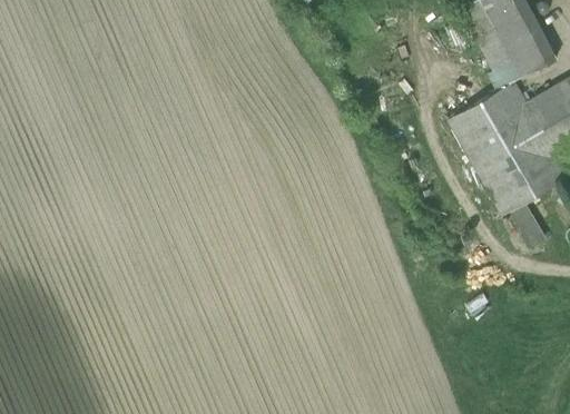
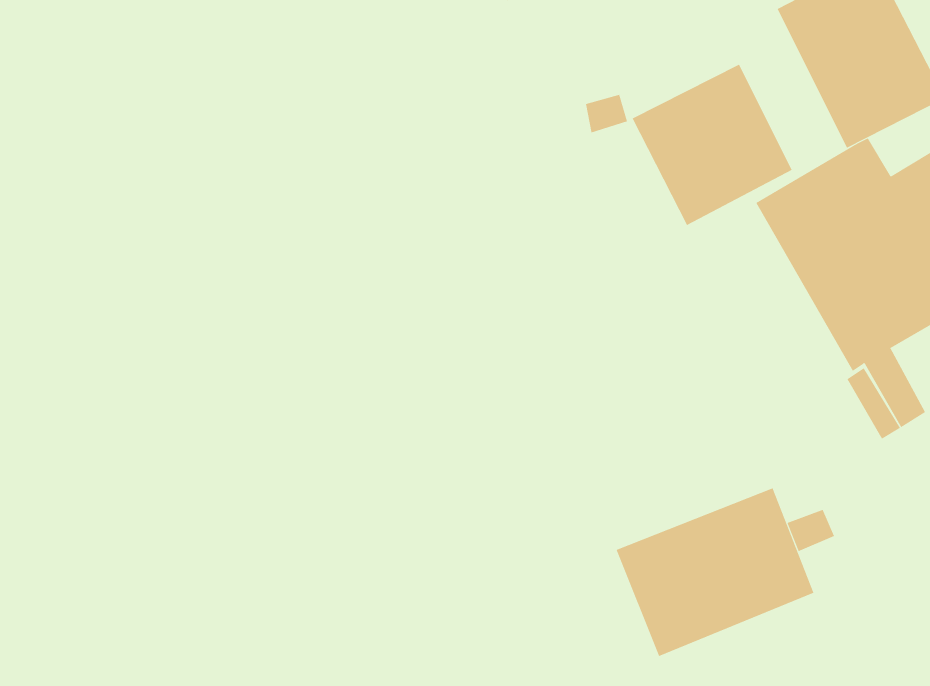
building: none -> [632,64,793,226]
building: none -> [616,487,814,657]

